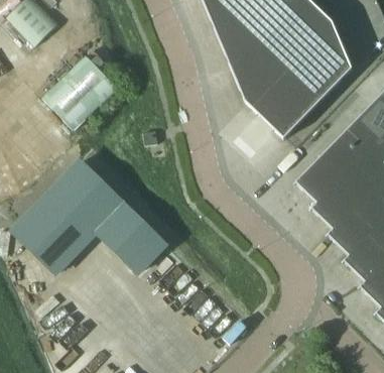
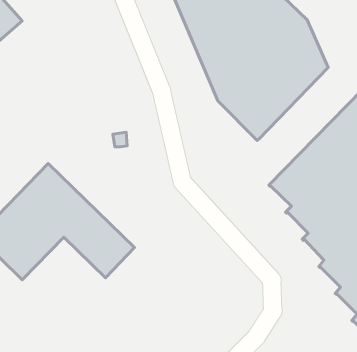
building: [41,47,117,129] -> none

